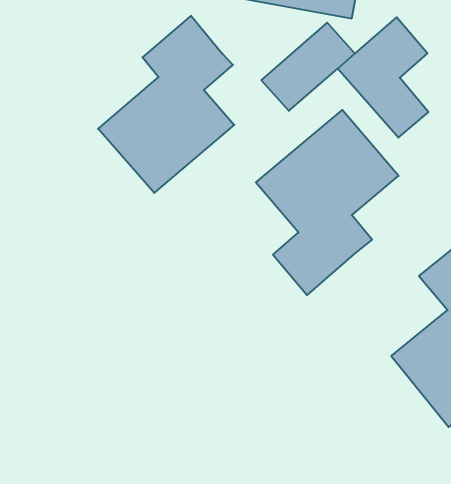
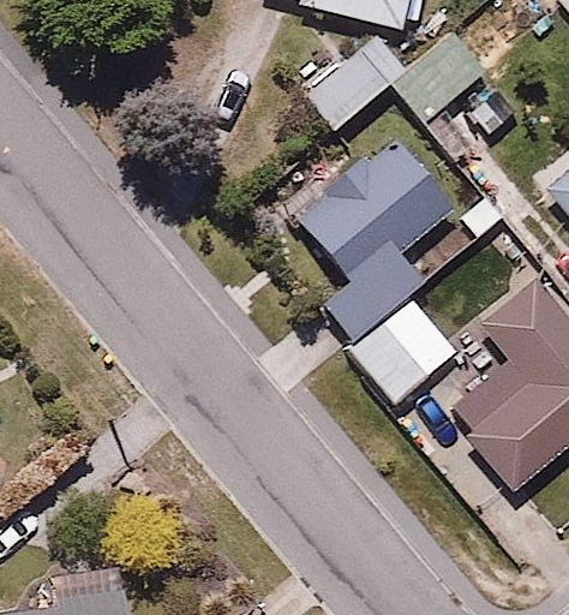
building: [98,16,234,193] -> none
building: none -> [354,293,461,401]

